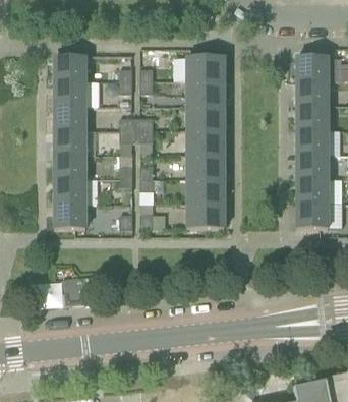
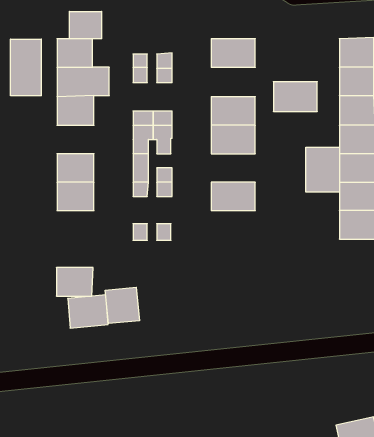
building: none -> [69,11,102,39]
building: none -> [11,39,41,96]
building: [187,79,225,105] -> [273,82,317,111]
building: [55,129,86,154] -> none
building: none -> [306,147,339,192]
building: [187,154,225,178] -> none
building: [55,203,86,227] -> [56,268,93,296]
building: [187,203,225,228] -> none
building: none -> [105,287,139,324]

